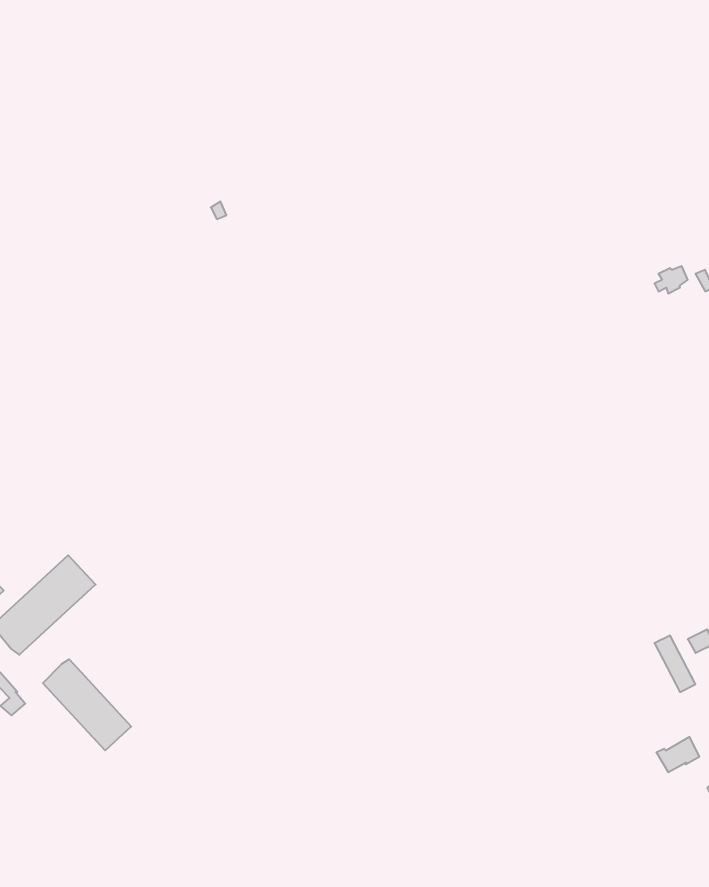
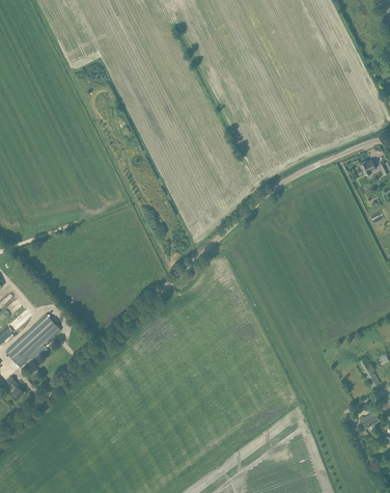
building: [43,659,131,750] -> none

